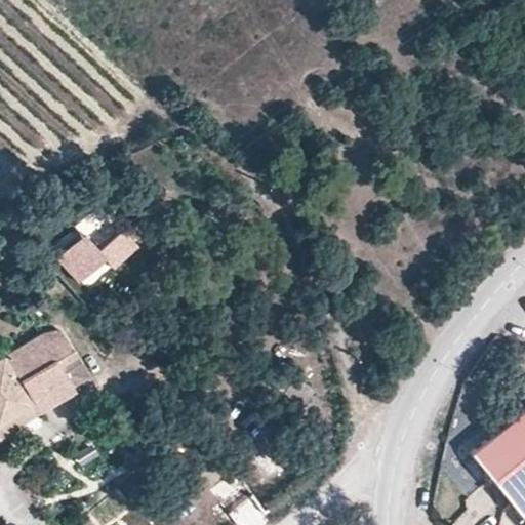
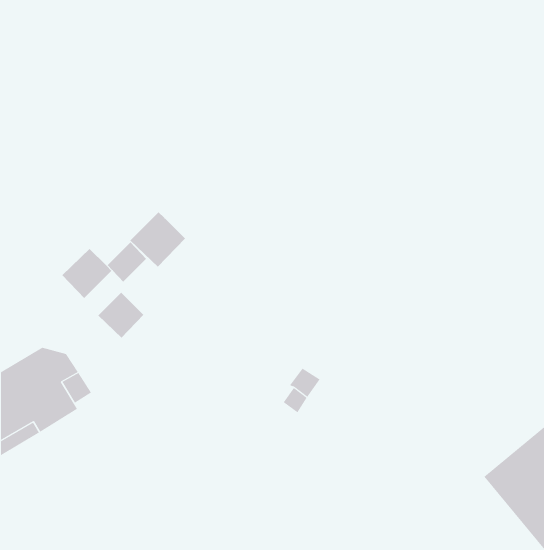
building: none -> [130,212,186,268]
building: none -> [98,292,144,339]

